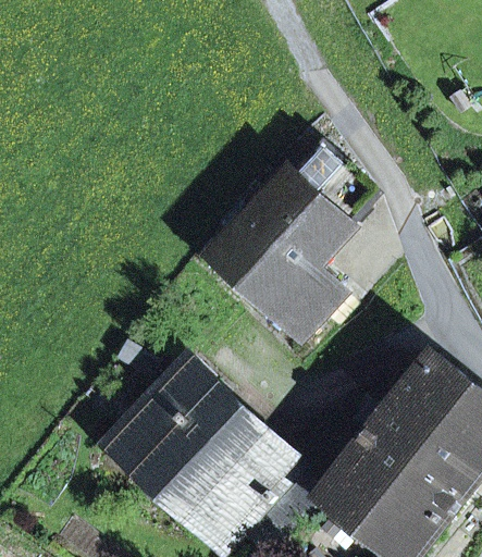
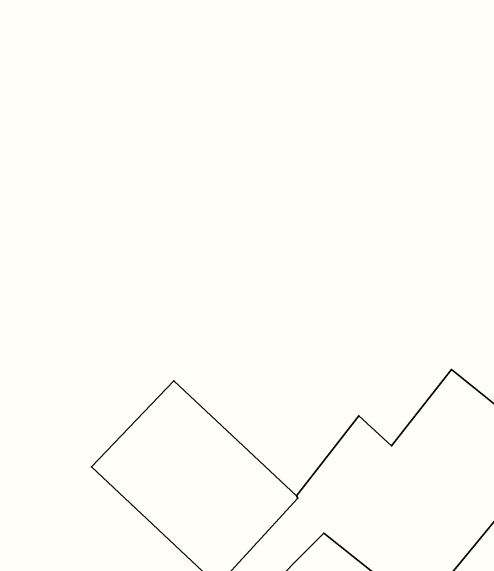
building: [210,147,372,337] -> none

